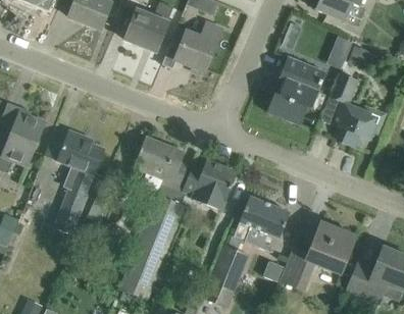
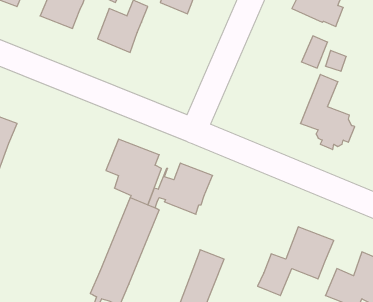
building: [161,22,221,71] -> none
building: [266,56,325,125] -> none
building: [53,130,103,233] -> none
building: [234,196,289,252] -> none

